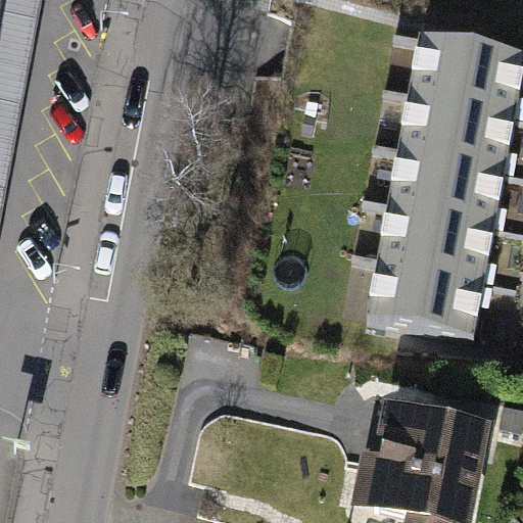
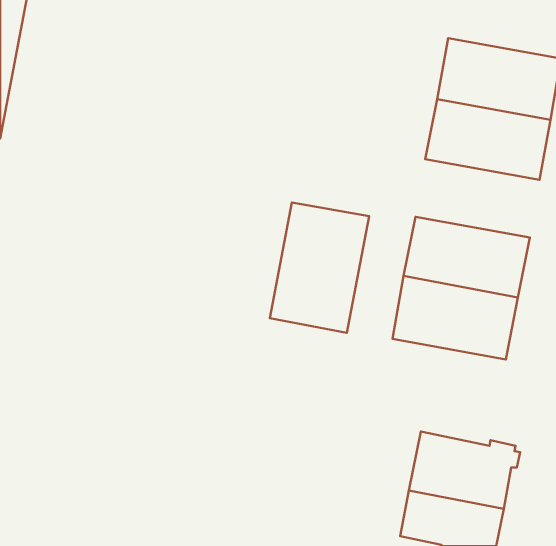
building: [390,149,507,223] -> none
building: none -> [270,203,369,333]

